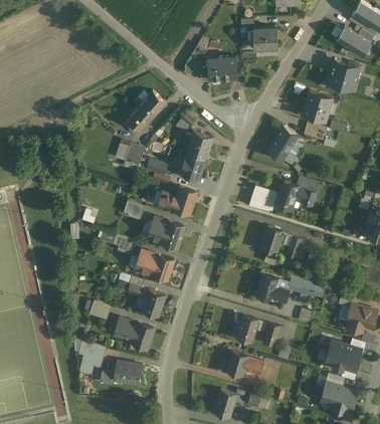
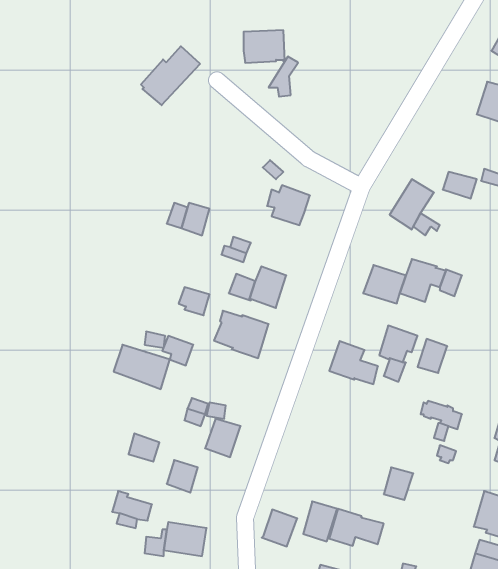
building: [252,28,277,49] -> none
building: [208,56,236,78] -> [244,30,285,63]
building: [125,91,165,132] -> [141,46,200,105]
building: [301,91,331,122] -> none
building: [176,153,205,180] -> none
building: [135,250,173,280] -> [114,345,170,389]
building: [254,274,288,303] -> [329,341,378,384]
building: [235,315,258,343] -> [303,501,337,541]
building: [130,323,154,348] -> [262,510,297,546]

